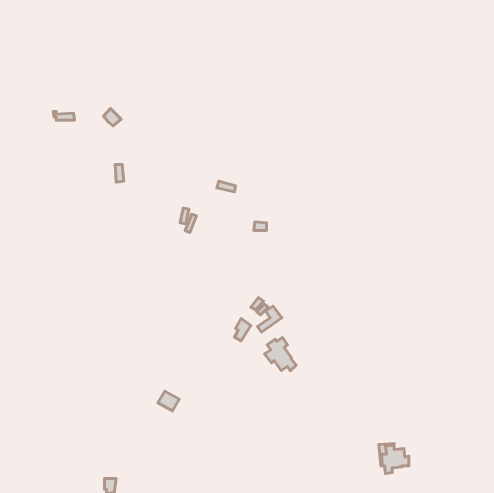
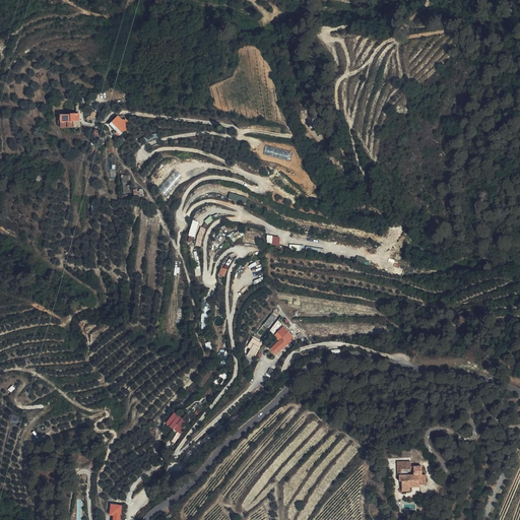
building: [265,337,296,371] -> none

